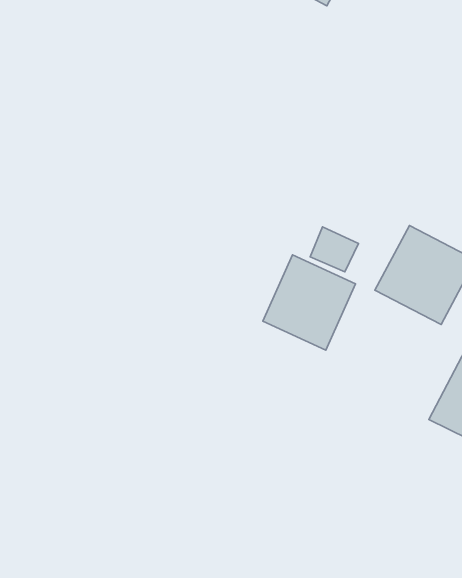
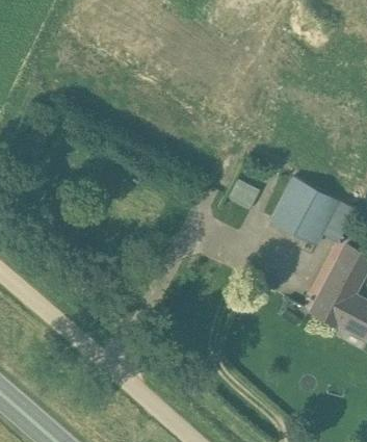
building: [263,255,356,350] -> none

